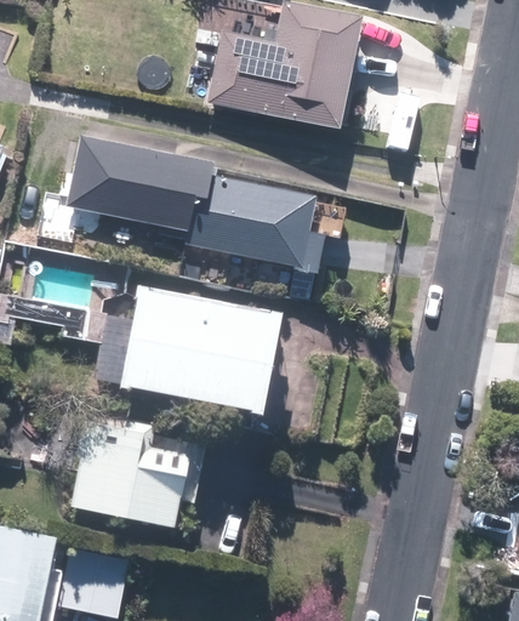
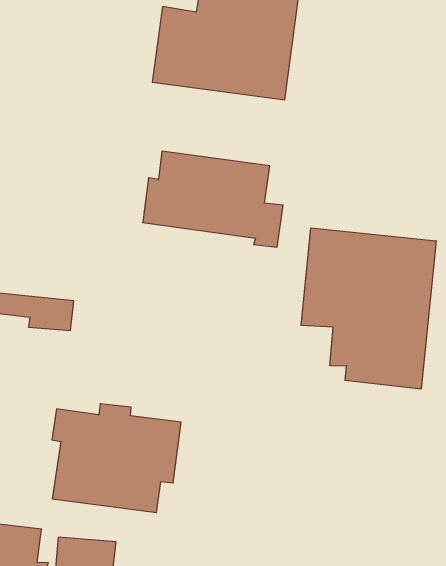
building: [67,135,211,230] -> none
building: none -> [301,228,436,389]
building: [119,289,280,422] -> none

